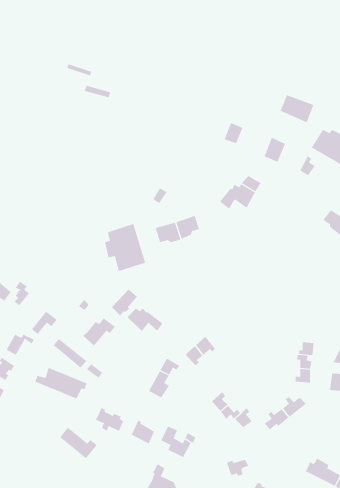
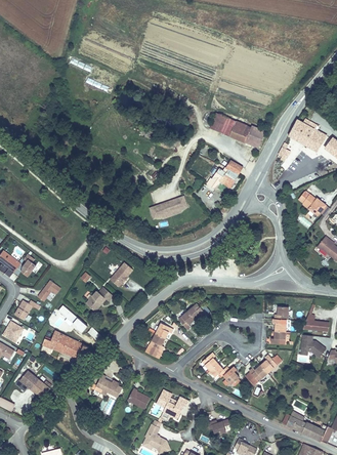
building: [280,95,314,123] -> [221,118,252,143]
building: [104,223,146,272] -> none
building: [127,307,163,332] -> none
building: [60,427,97,459] -> [18,370,52,399]

